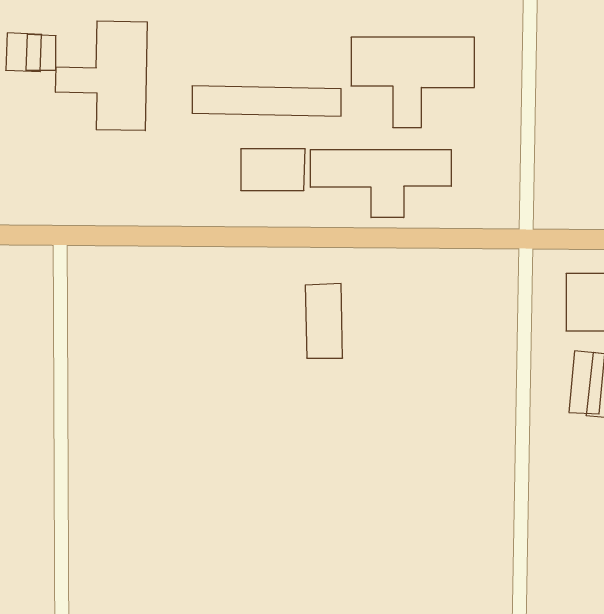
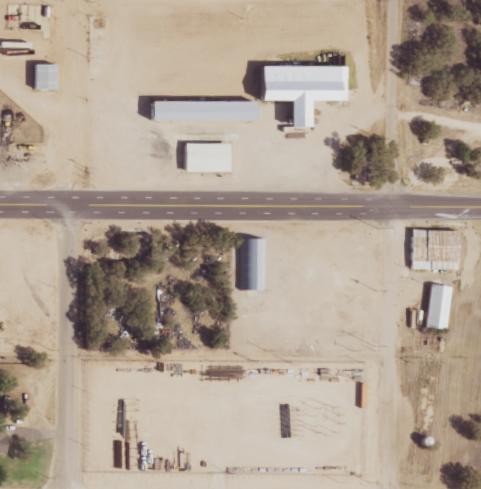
building: [56,21,147,131] -> none
building: [310,150,451,218] -> none

